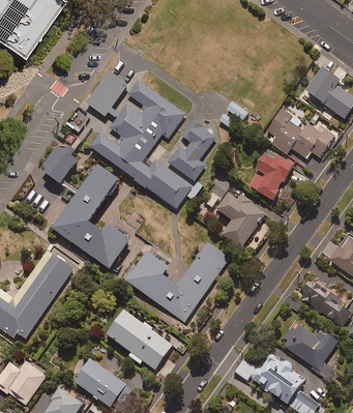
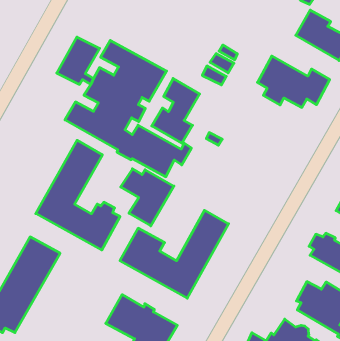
building: [45,147,79,186] -> none
building: [249,151,293,202] -> none
building: [217,196,266,249] -> [121,169,174,226]

